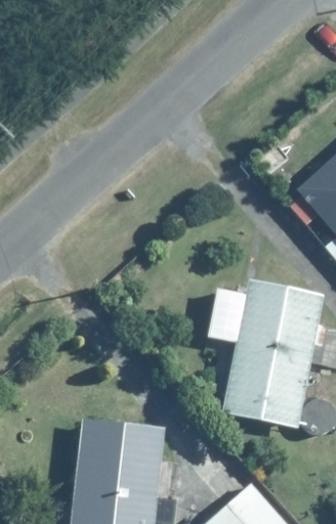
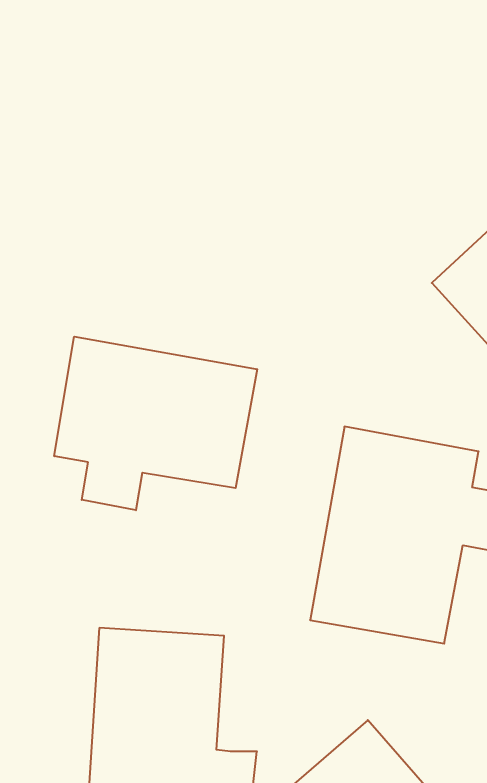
building: none -> [54,337,257,510]

